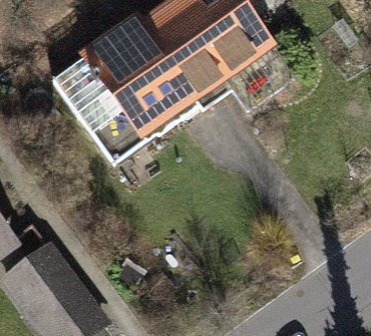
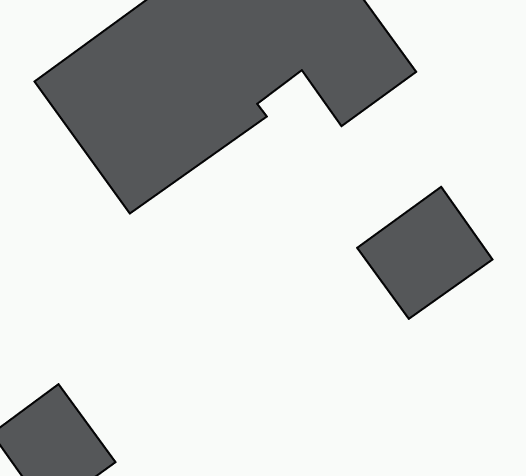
building: none -> [357,187,492,319]

